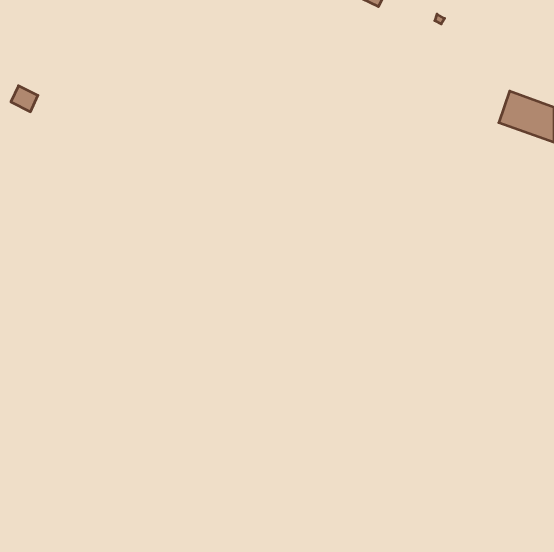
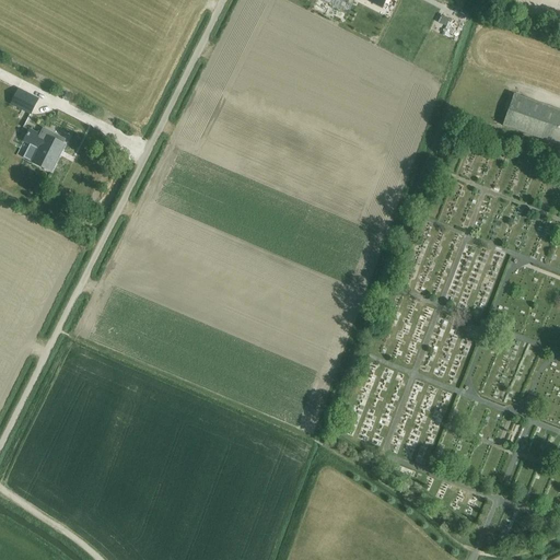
building: none -> [23,126,66,171]

